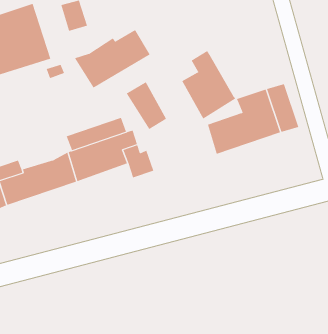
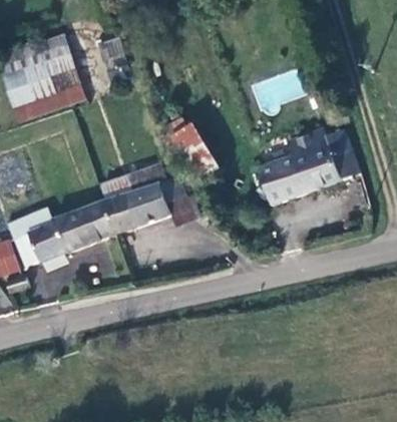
building: [74,29,150,89] -> none
building: [181,50,236,119] -> none

